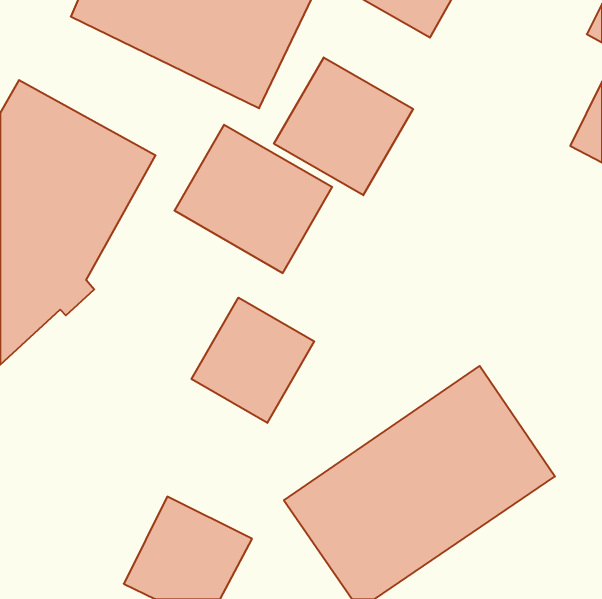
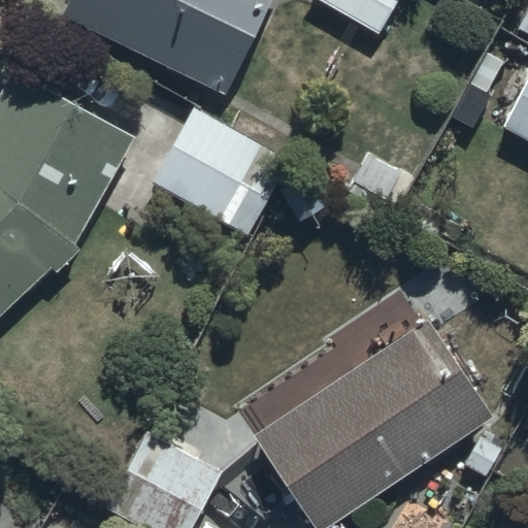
building: [274,57,413,195] -> none
building: [192,298,314,423] -> none

